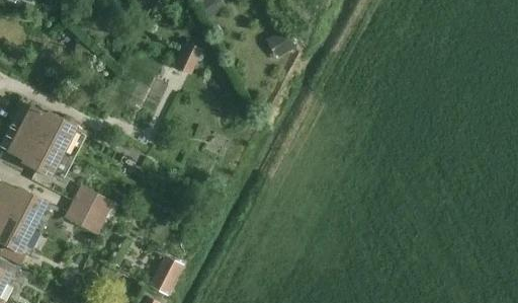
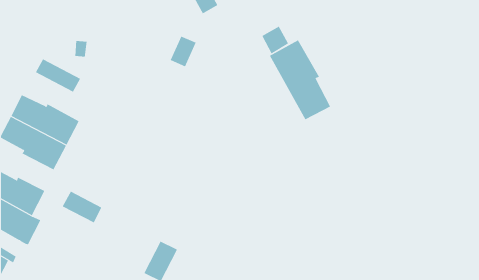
building: none -> [269,40,331,120]
building: none -> [35,59,81,92]
building: [73,185,113,219] -> none

